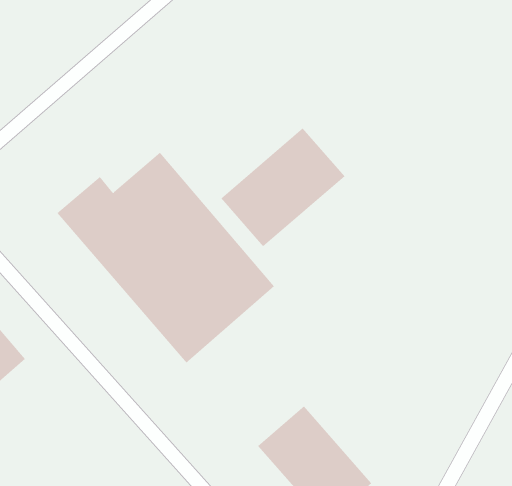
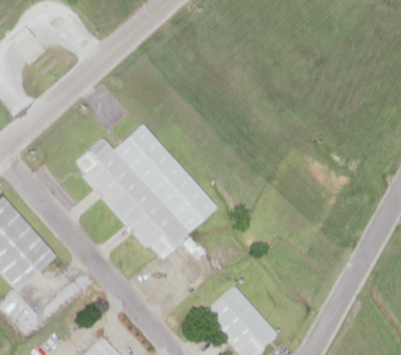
building: [220,127,345,247] -> none

